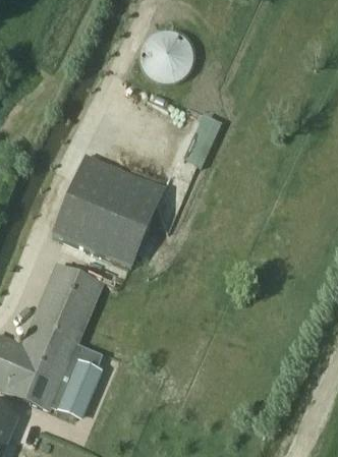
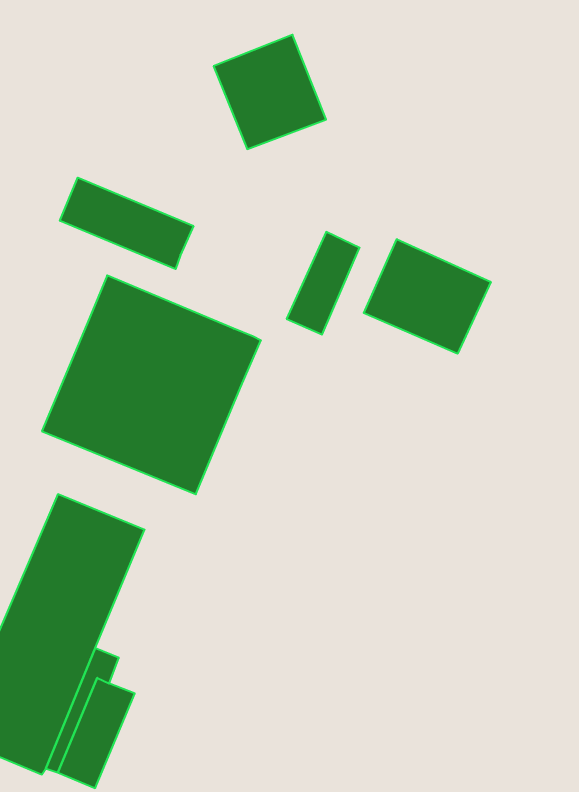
building: none -> [60,178,193,269]
building: none -> [364,239,491,354]

